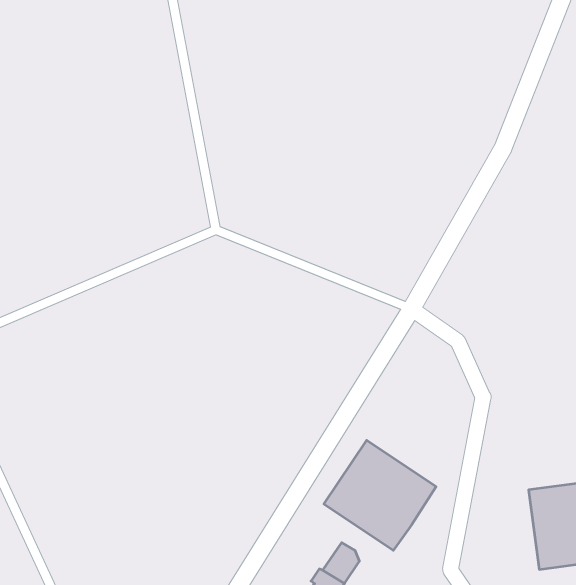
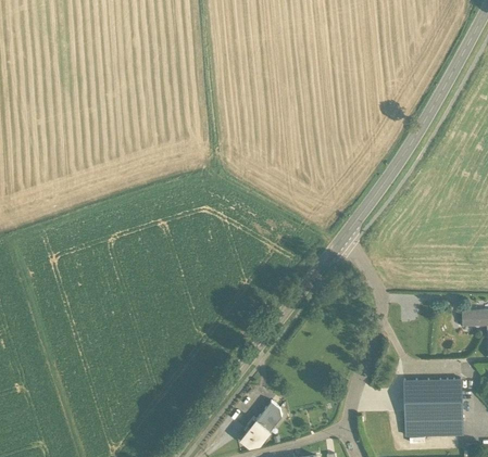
building: [324,440,436,550] -> none

